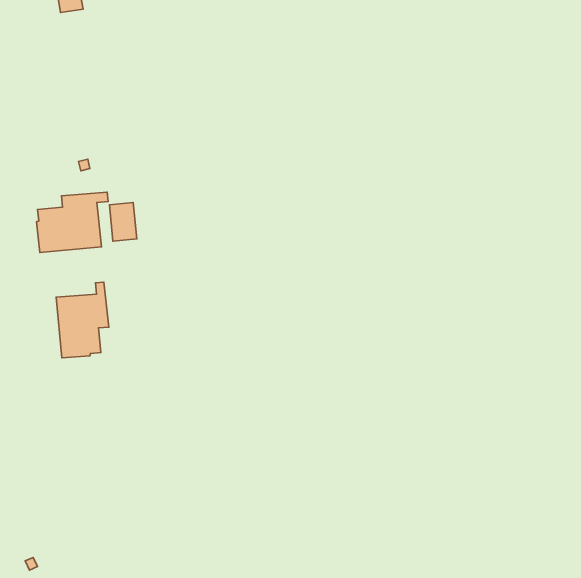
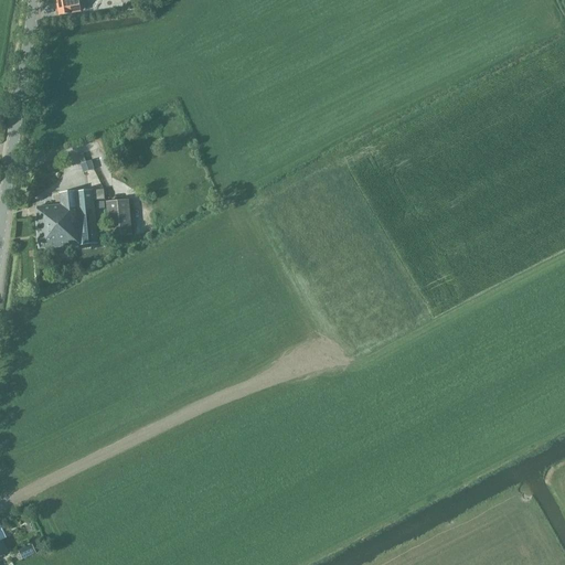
building: [56,282,109,358] -> none

